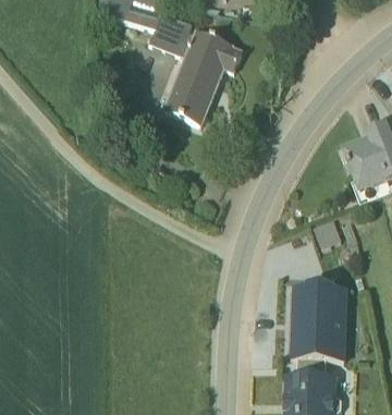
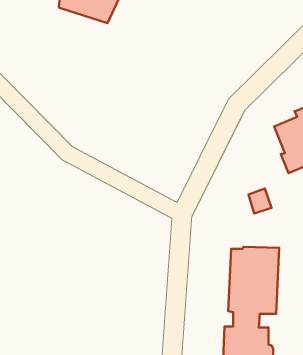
building: [150,11,241,124] -> none

